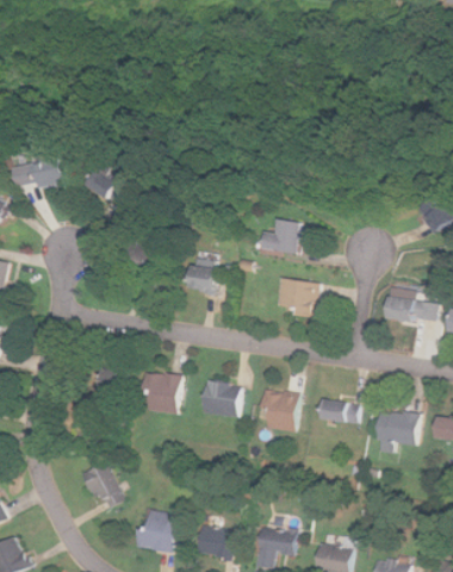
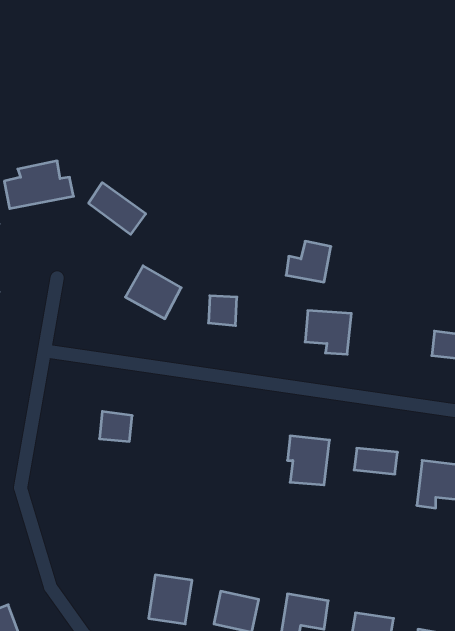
building: [142,372,180,414] -> none
building: [200,380,240,417] -> none
building: [81,462,123,510] -> none

